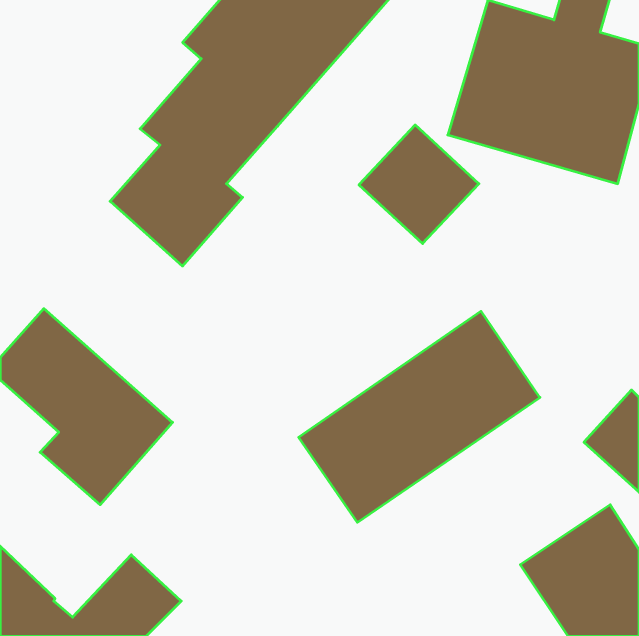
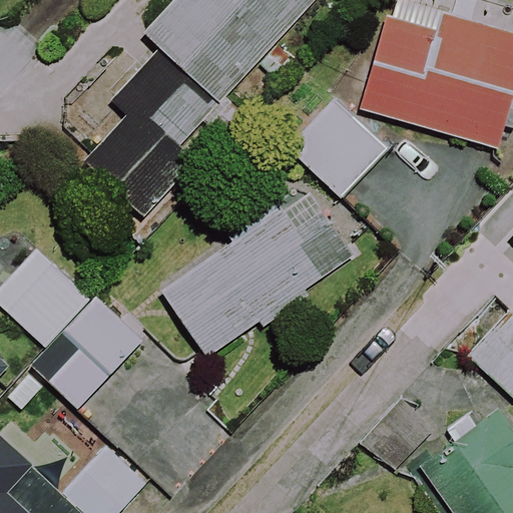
building: [299,311,540,522] -> [160,187,354,357]

